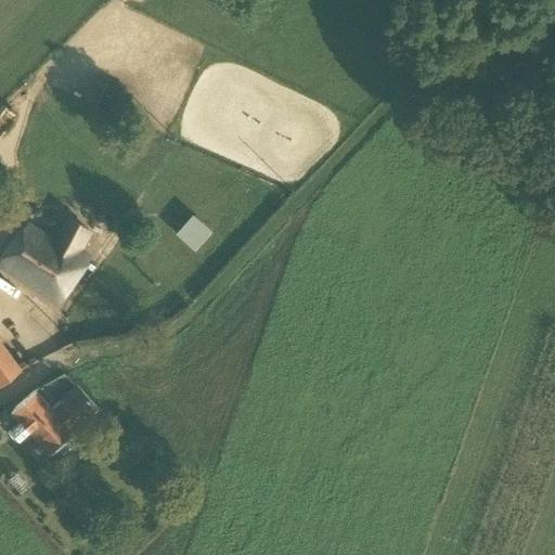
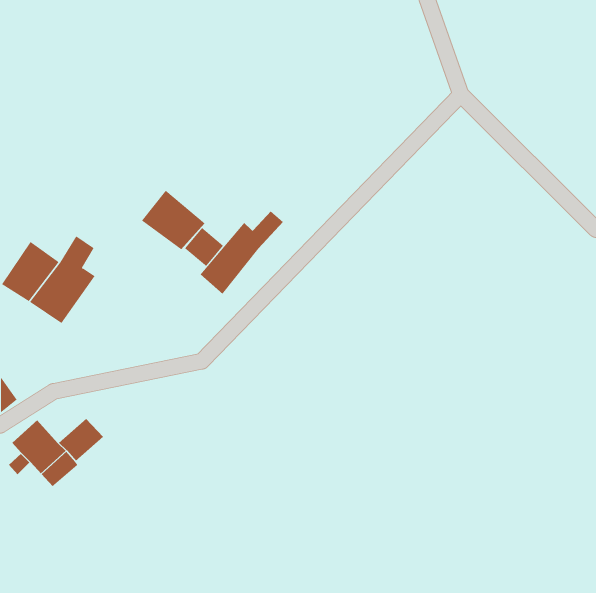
building: none -> [141,190,205,250]
building: none -> [200,210,284,295]

